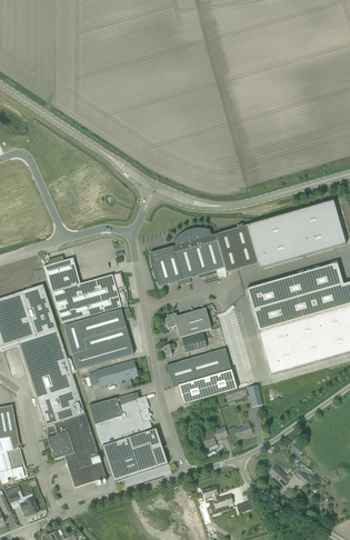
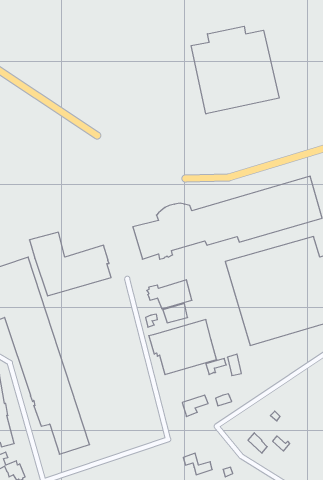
building: none -> [191,26,279,114]
building: [62,307,132,369] -> none
building: [94,359,137,386] -> none
building: [88,392,167,481] -> none

